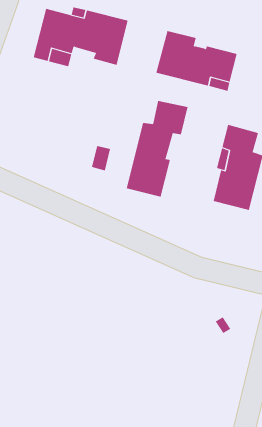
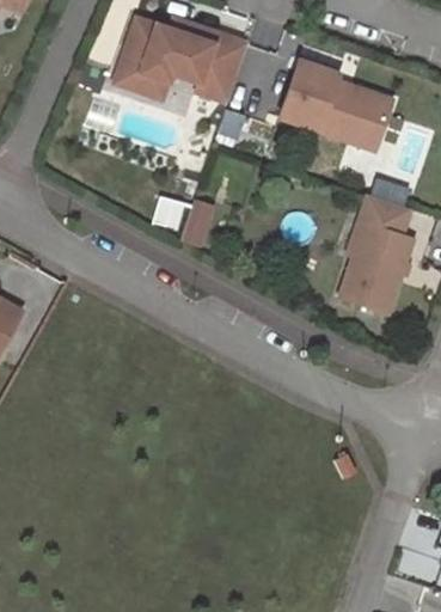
building: [126,100,188,198] -> none

